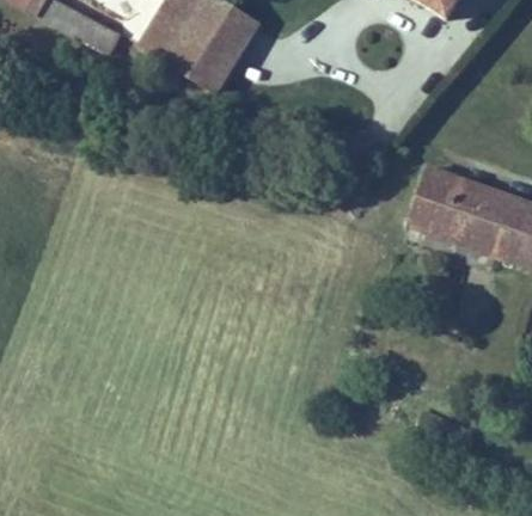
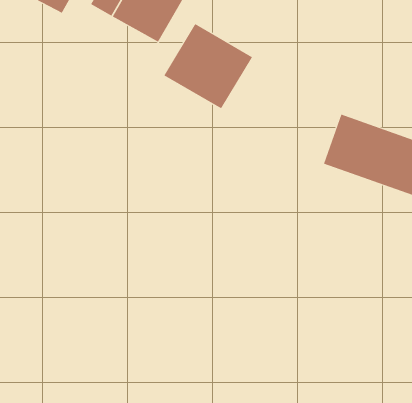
building: none -> [164,23,253,109]

